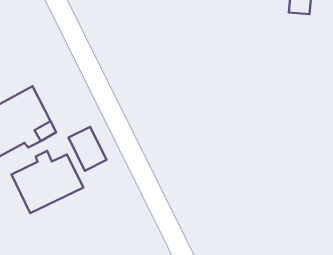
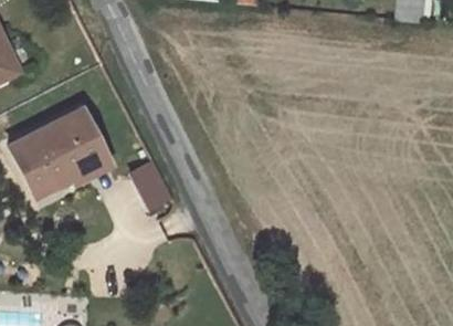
building: [11,151,83,213] -> none

